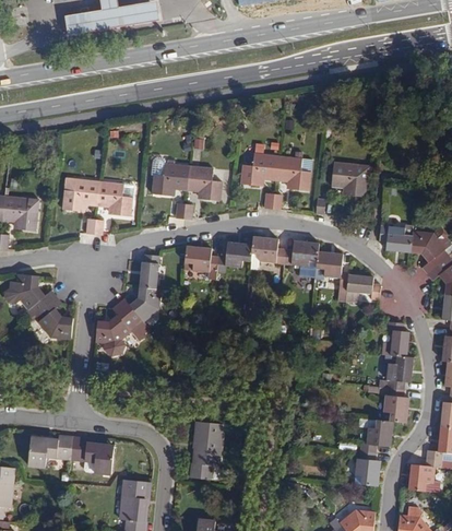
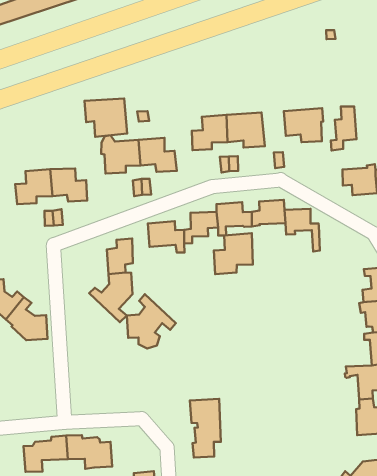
building: none -> [84,99,127,137]
building: none -> [331,106,357,150]
building: none -> [214,233,253,274]
building: [345,275,380,300] -> none
building: [94,304,142,356] -> [127,294,176,348]

